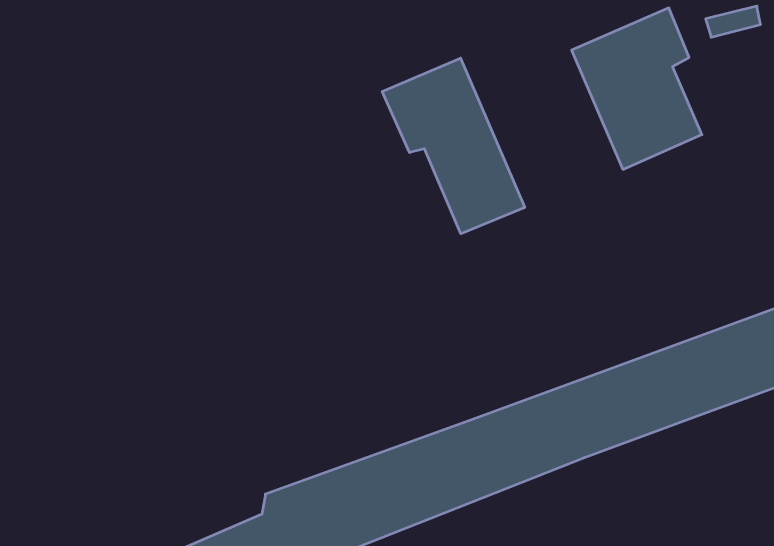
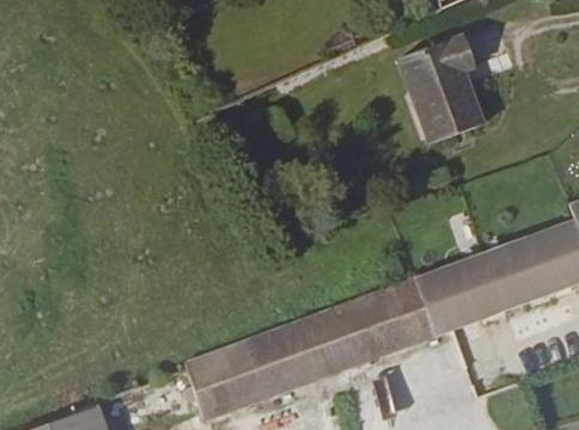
building: [382,58,525,234] -> none

